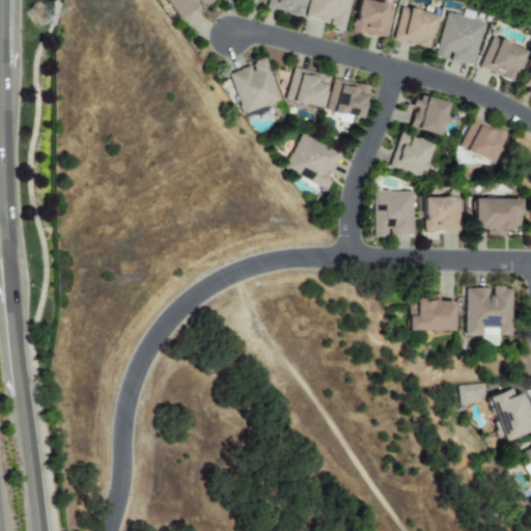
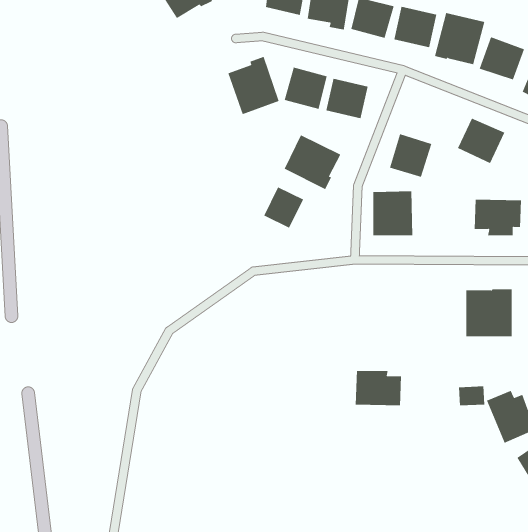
building: [411,93,450,136] -> none
building: none -> [263,187,304,229]
building: [426,197,463,231] -> none
building: [410,296,456,331] -> [355,371,402,406]

